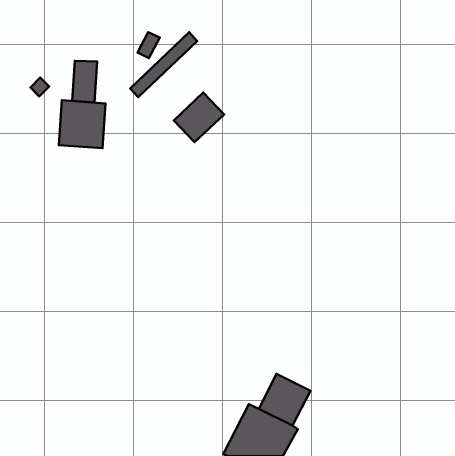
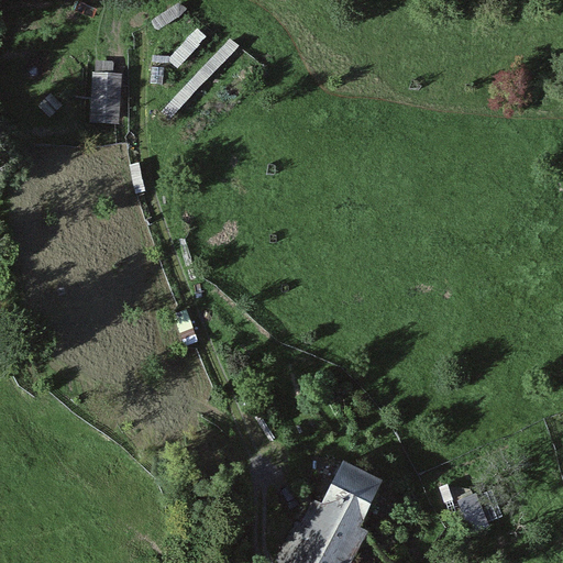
building: [174,93,224,142] -> none
building: [59,100,106,148] -> none

